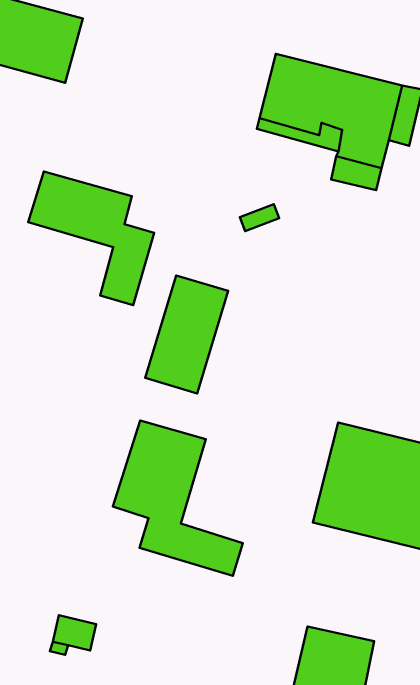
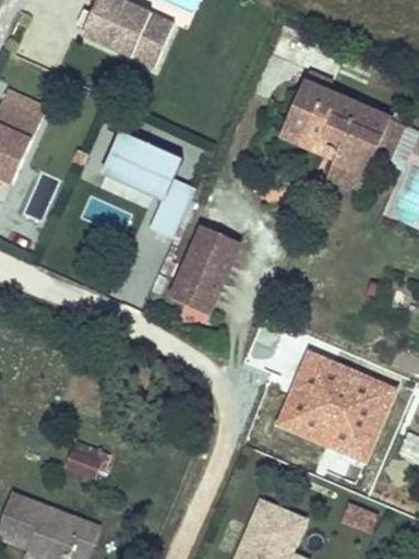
building: [113,420,243,576] -> none

